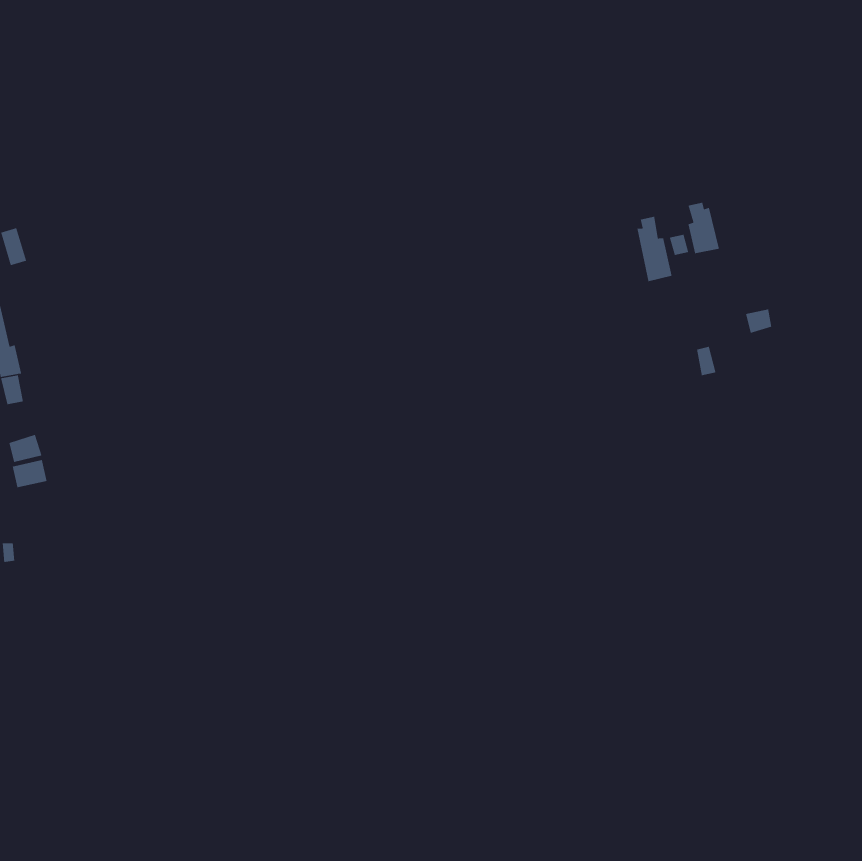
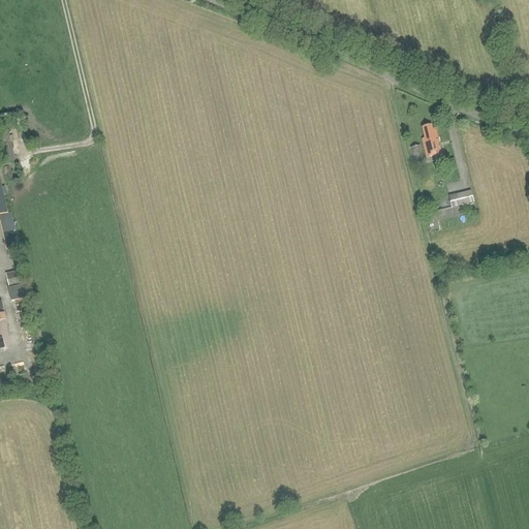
building: [636,216,672,282] -> none

